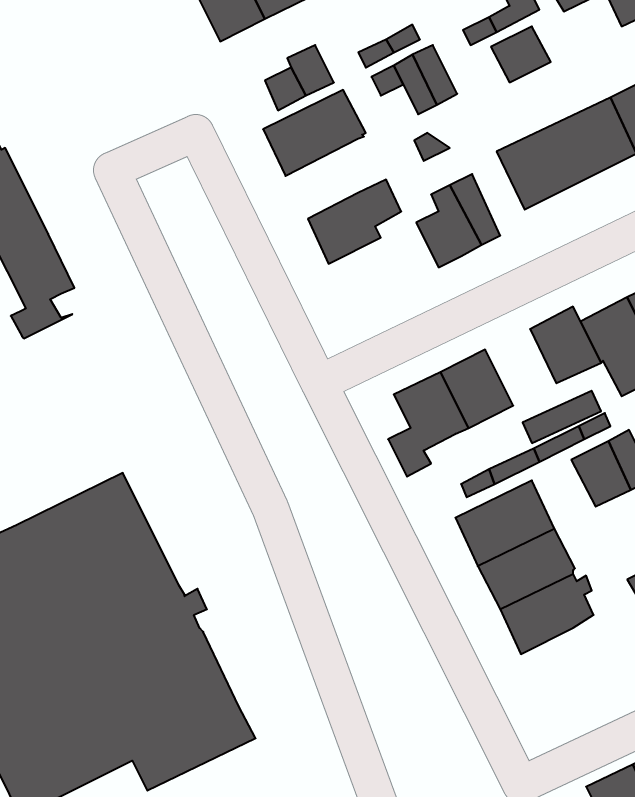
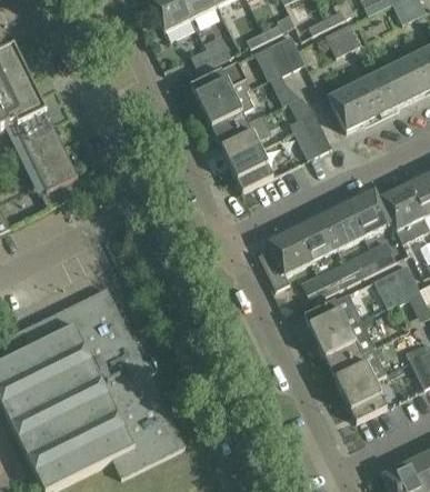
building: none -> [202,89,253,137]
building: none -> [228,148,272,190]
building: none -> [321,202,363,248]
building: none -> [342,380,386,421]

